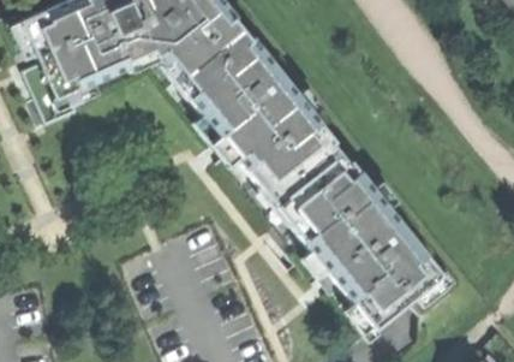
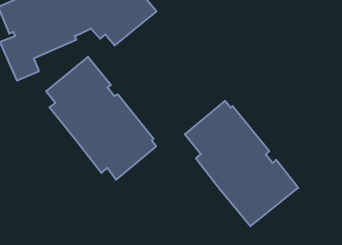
building: [183,28,337,201] -> [46,57,156,180]

